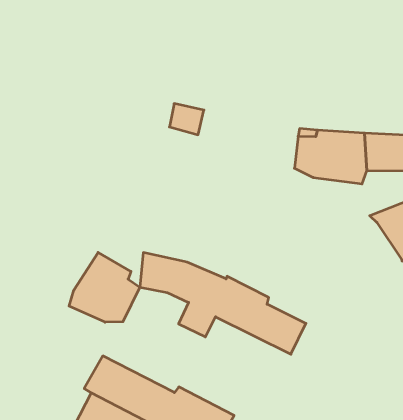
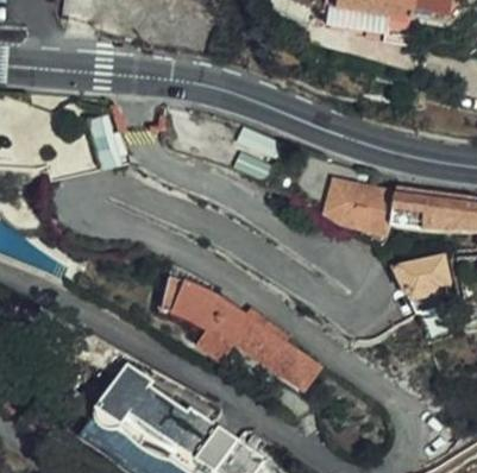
building: [69,252,140,322] -> none

